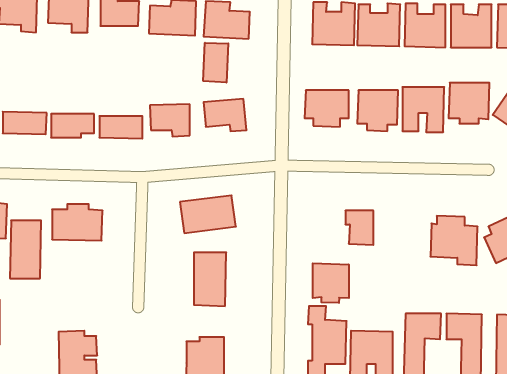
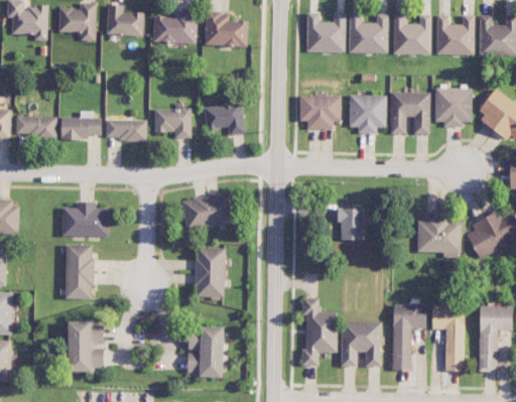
building: [203,43,228,83] -> none
building: [10,220,41,278] -> [66,245,95,299]
building: [313,263,349,303] -> none

